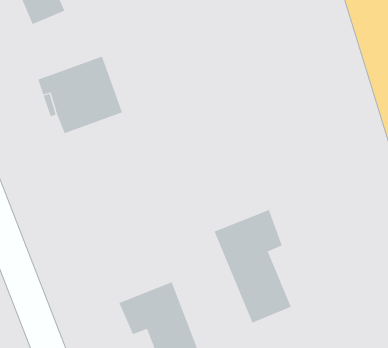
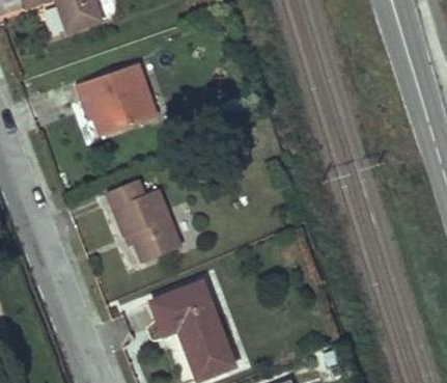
building: none -> [107,181,181,263]
building: [214,209,292,324] -> none

